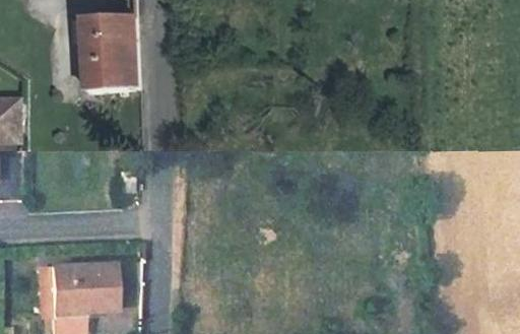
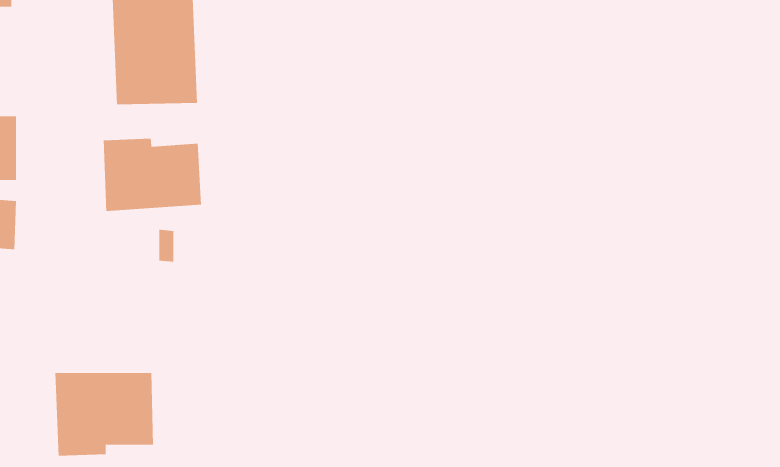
building: none -> [103,138,202,212]

